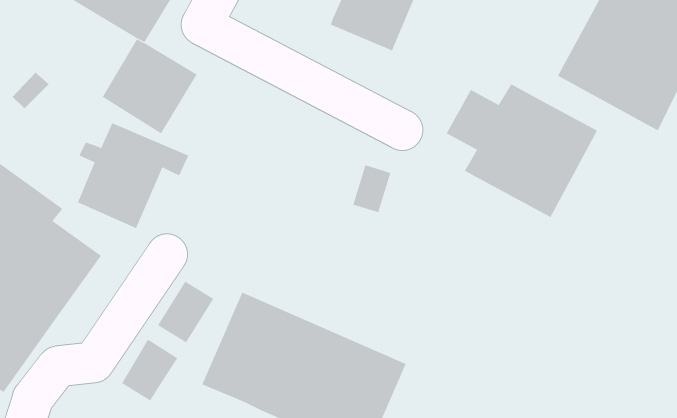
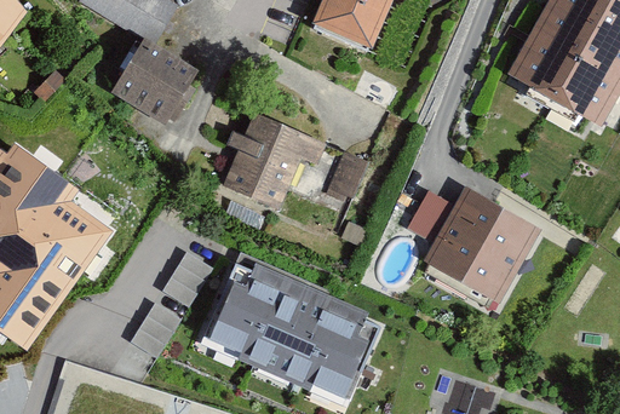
building: [446,84,598,218] -> [407,184,540,301]
building: [77,122,189,229] -> [225,115,323,208]

